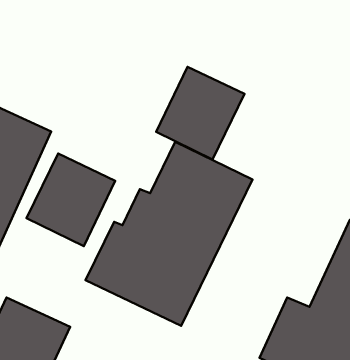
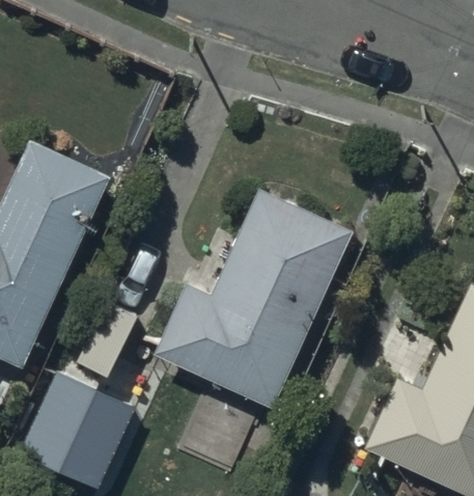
building: [156,67,245,159] -> none
building: [26,154,115,246] -> none

